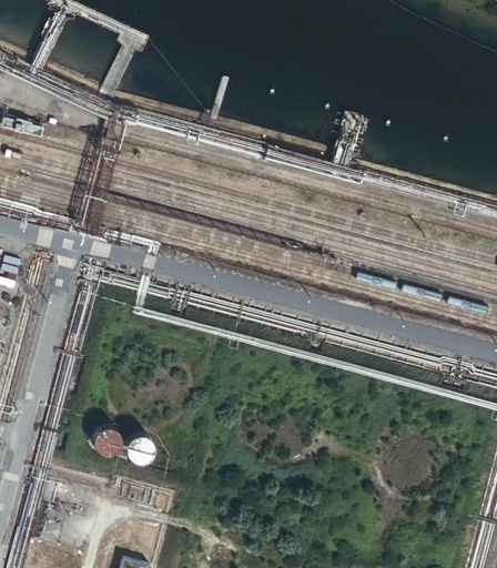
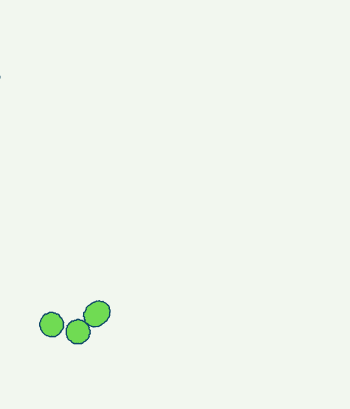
building: none -> [84,301,110,327]

